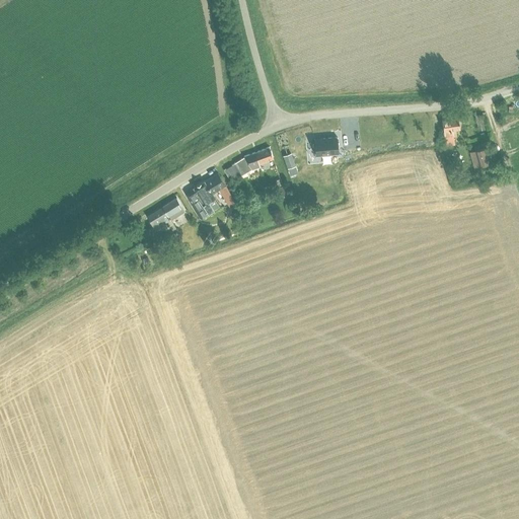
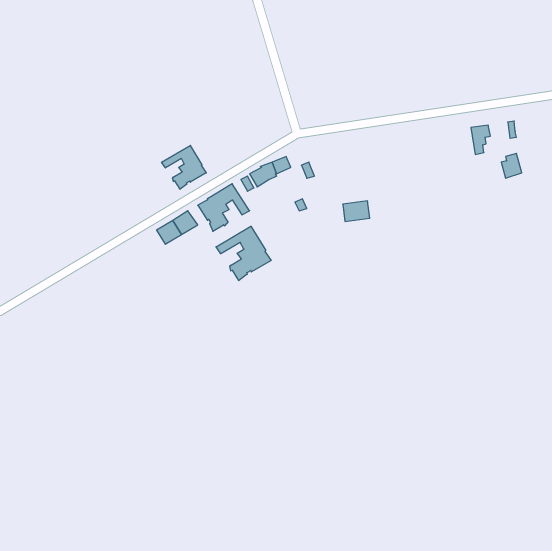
building: [313,137,339,156] -> [343,201,370,221]
building: none -> [162,145,206,189]
building: none -> [216,226,271,281]

